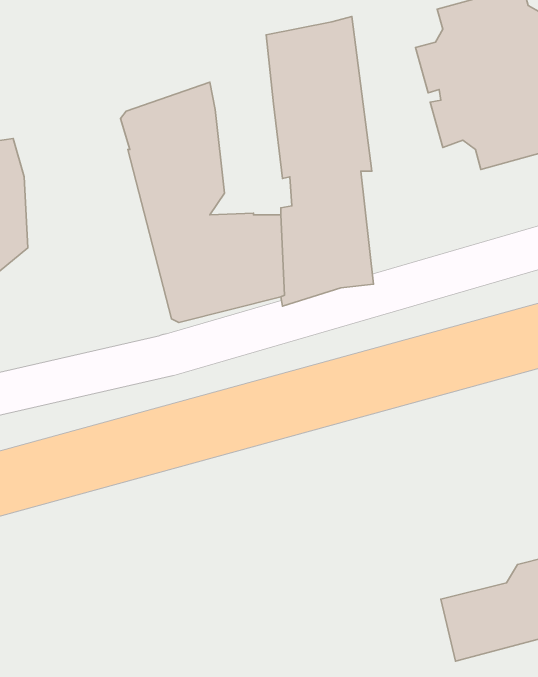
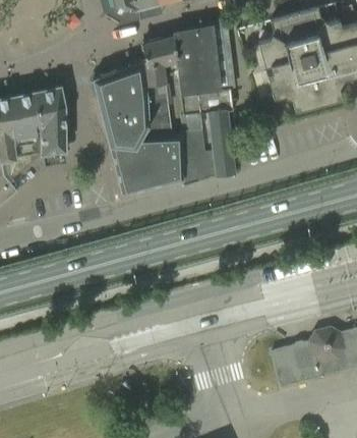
building: none -> [141,34,178,134]
building: none -> [33,85,65,153]

